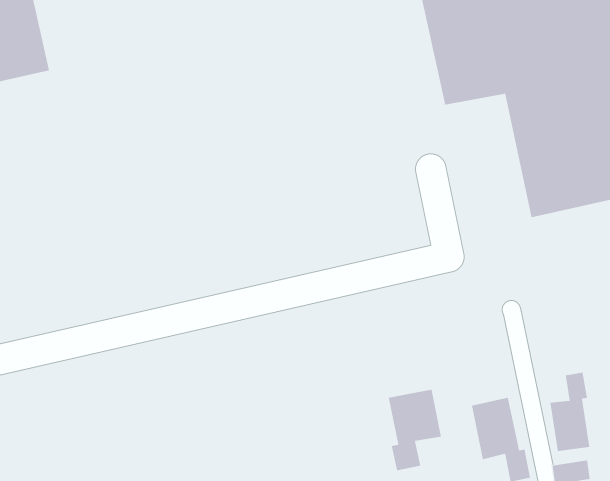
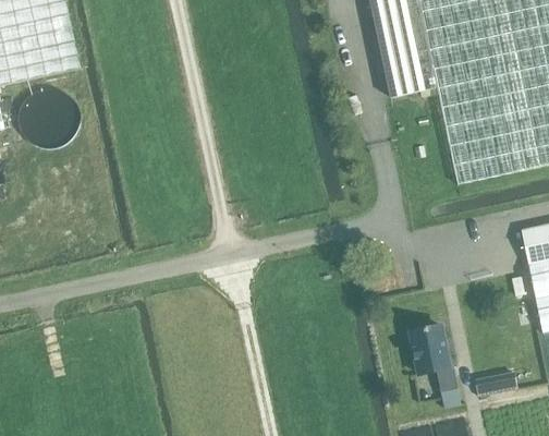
building: [550,372,590,452] -> none
building: [388,389,442,471] -> none

